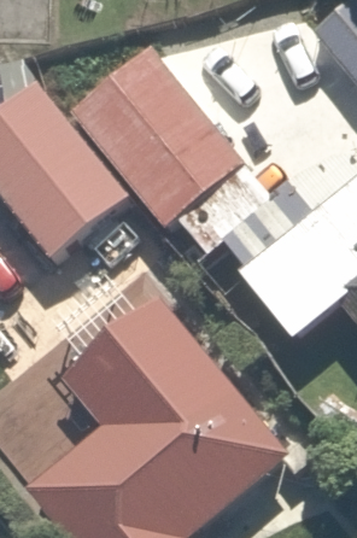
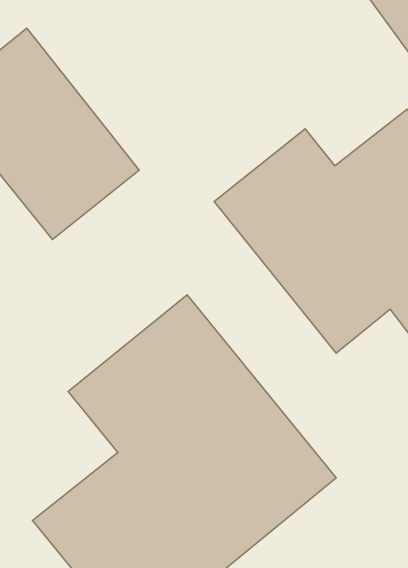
building: [90,60,238,214] -> none

